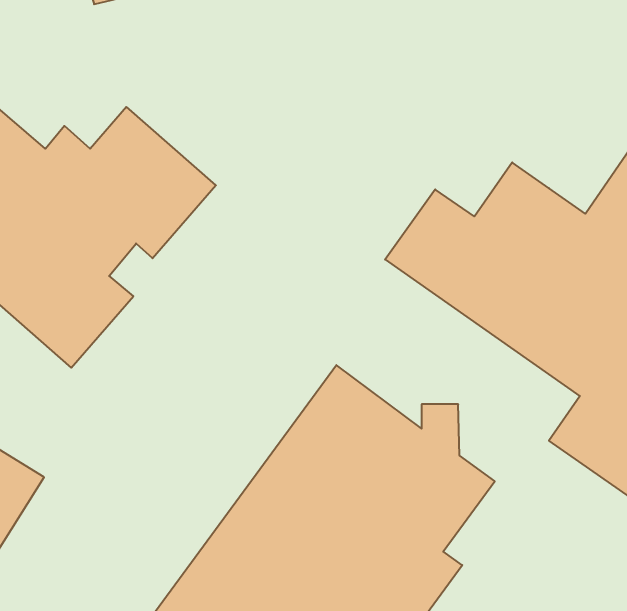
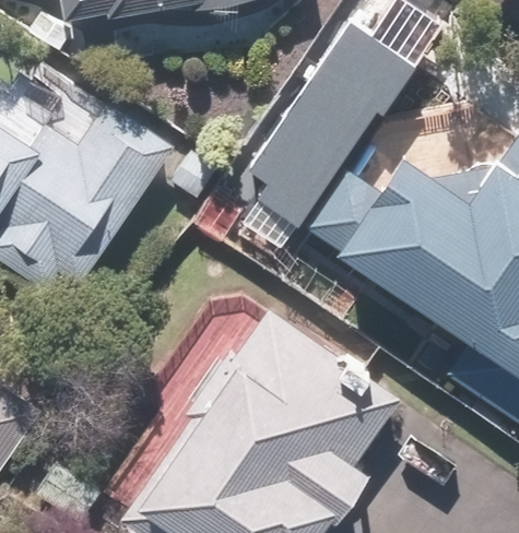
building: none -> [241,29,410,230]

